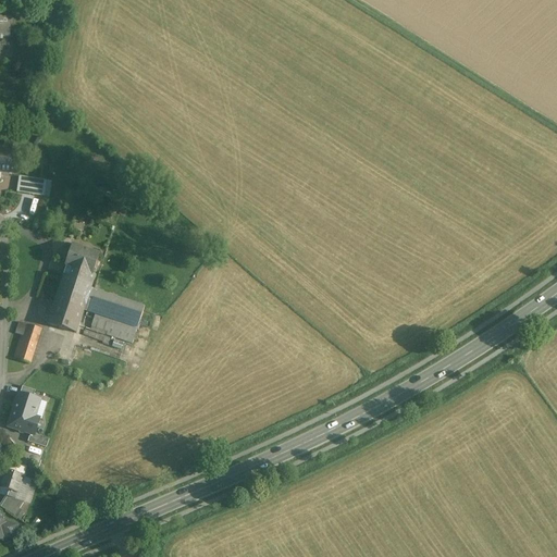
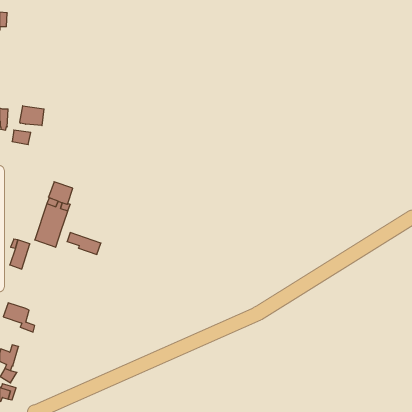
building: none -> [20,106,44,126]
building: [83,287,144,327] -> none
building: [11,386,40,416] -> none

